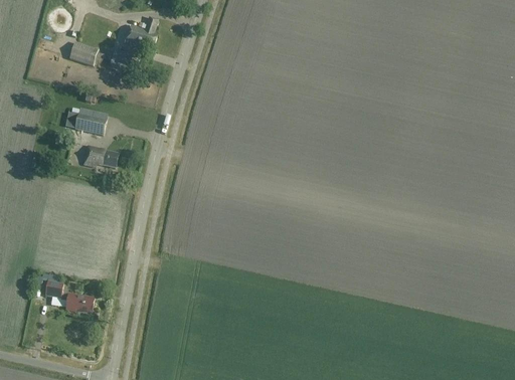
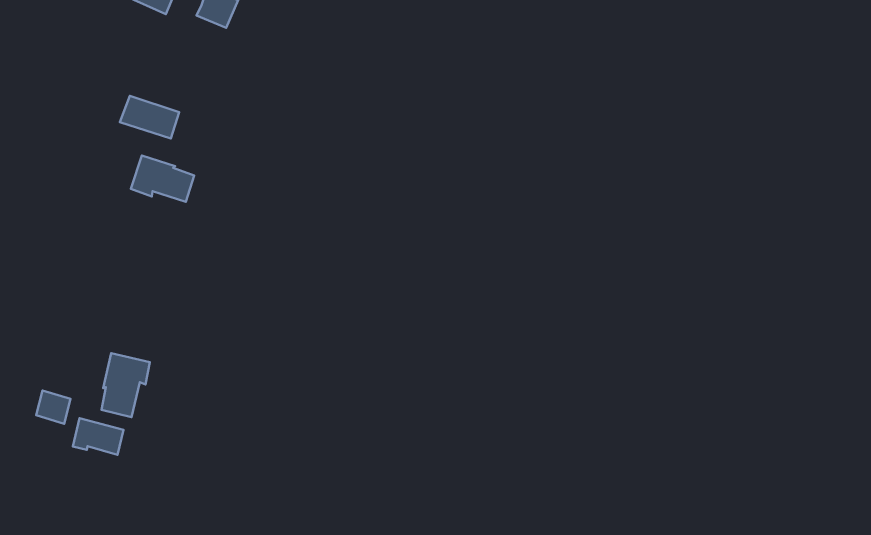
building: none -> [101,353,150,417]

